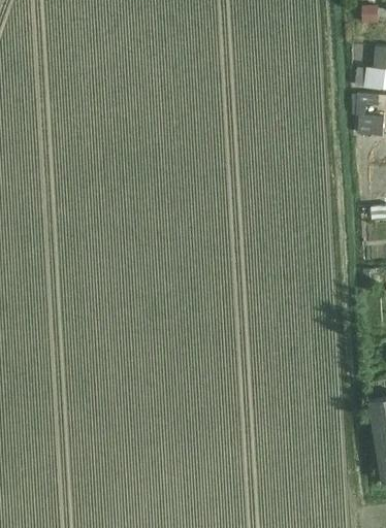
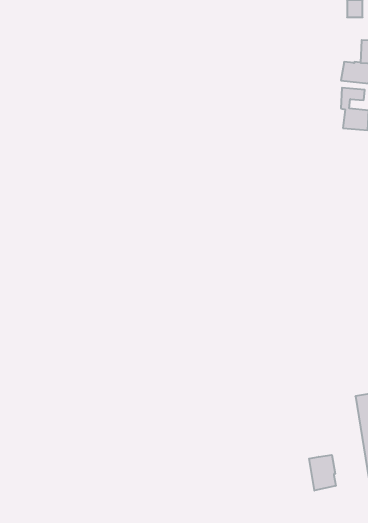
building: none -> [309,455,336,491]

